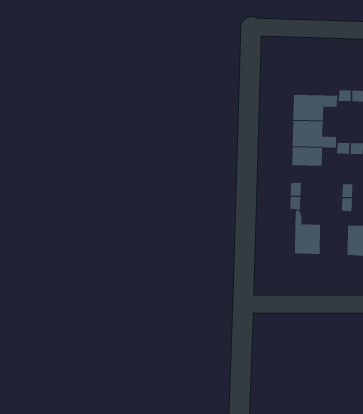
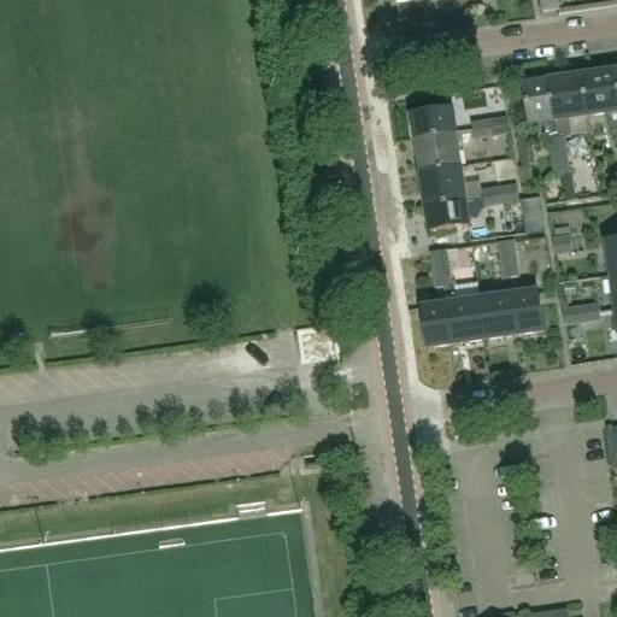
building: none -> [412,106,456,136]
building: none -> [422,301,452,343]
building: none -> [480,292,519,335]

